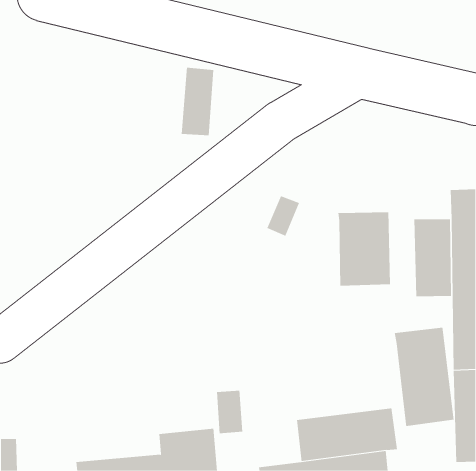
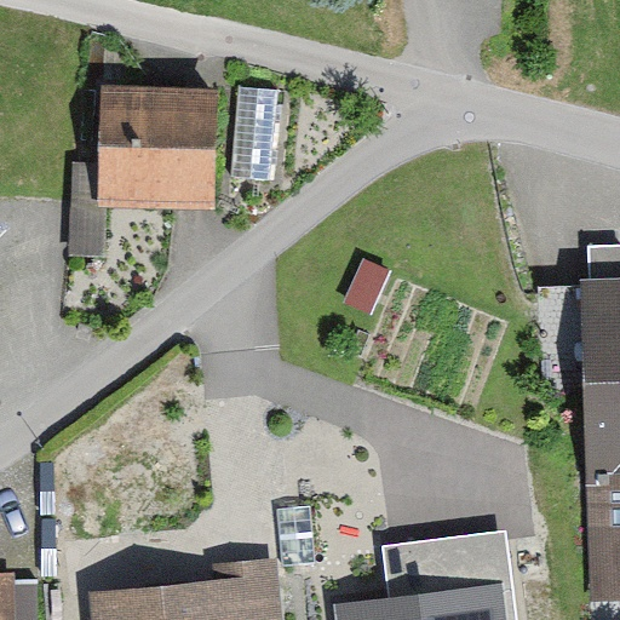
building: none -> [101,91,222,214]
building: [338,211,390,287] -> none
building: [394,327,454,427] -> none

